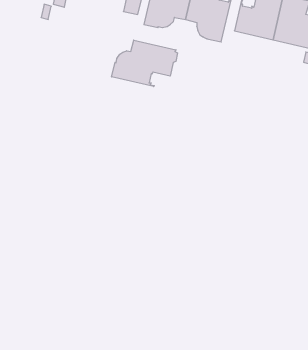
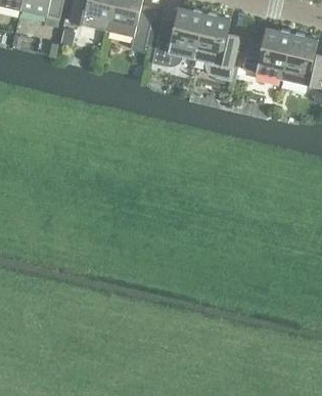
building: [112,40,178,87] -> none

